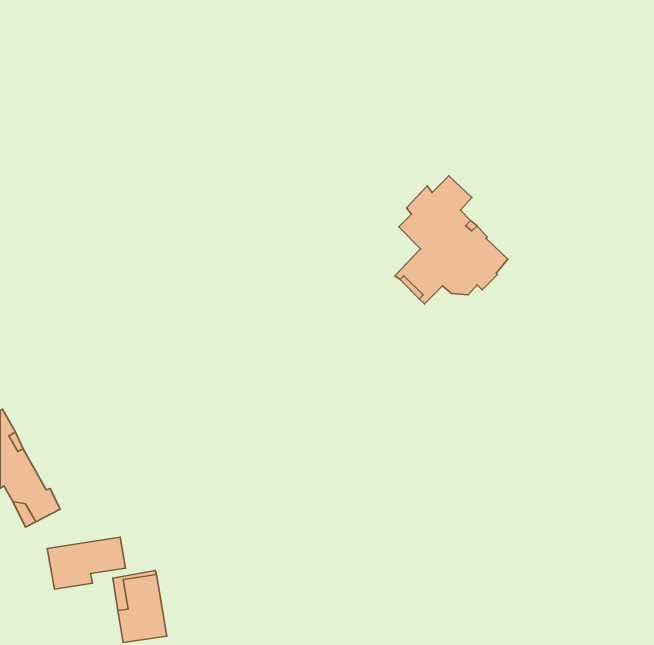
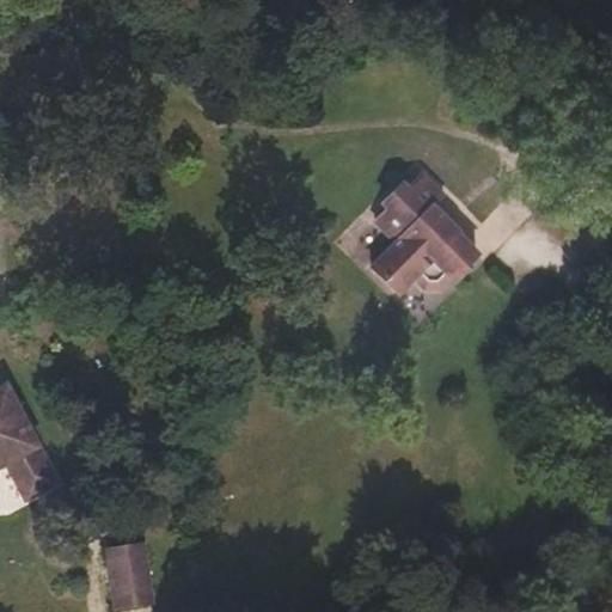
building: [47,537,125,589] -> none

